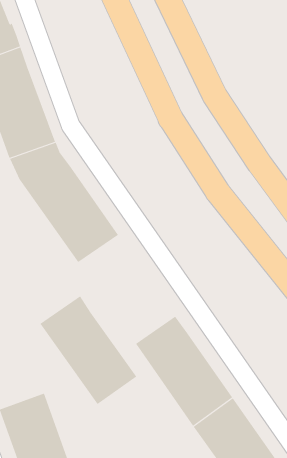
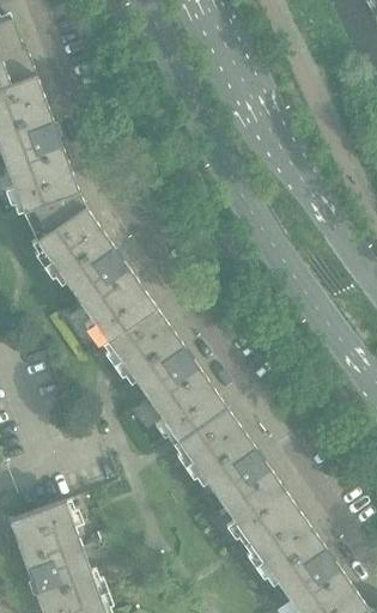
building: [39,296,137,405] -> [105,308,225,442]

